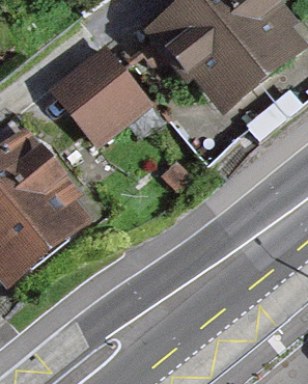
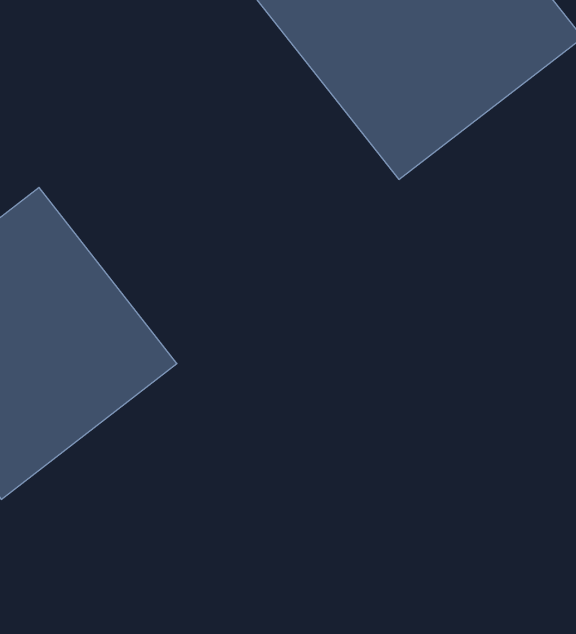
building: [43,35,155,148] -> none

